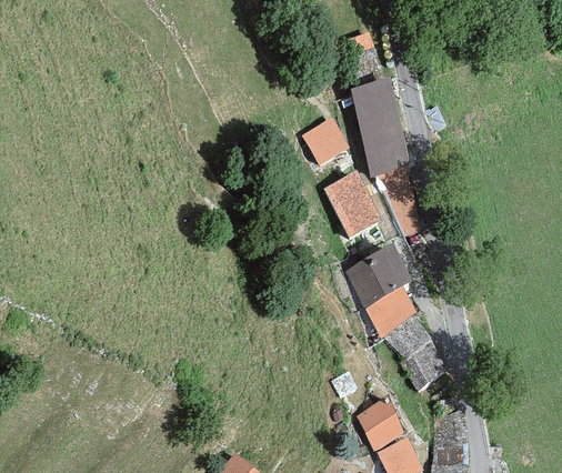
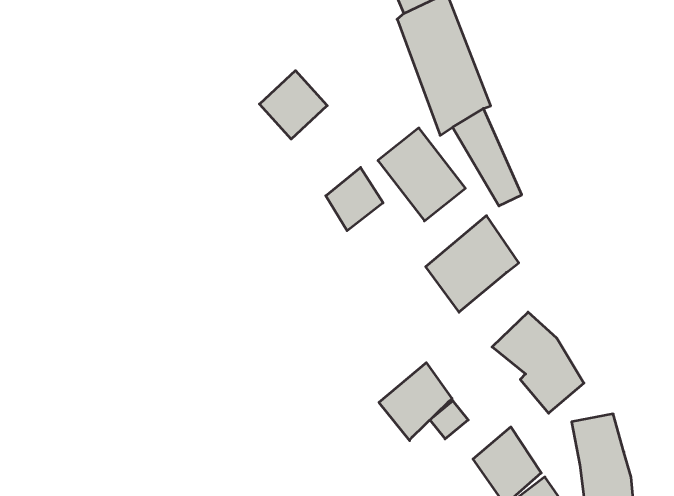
building: [301,117,350,165] -> [259,71,327,139]
building: none -> [326,167,383,231]
building: [363,284,417,339] -> [379,363,452,441]

